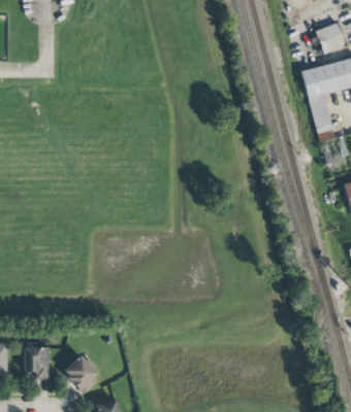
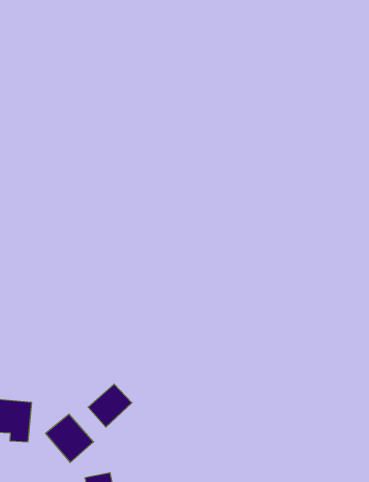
building: none -> [88,384,132,427]

